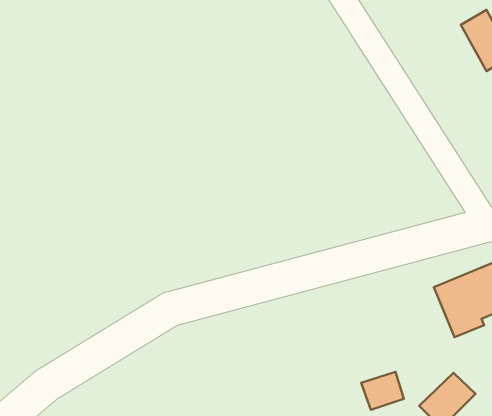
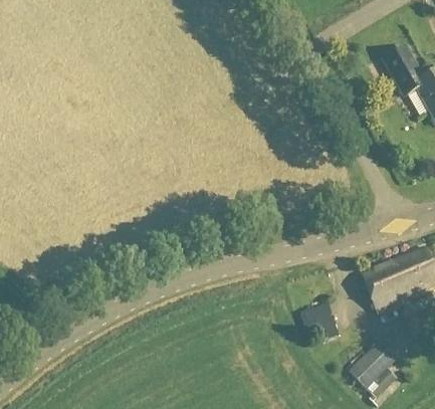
building: [361,372,404,410] -> [301,302,337,334]

